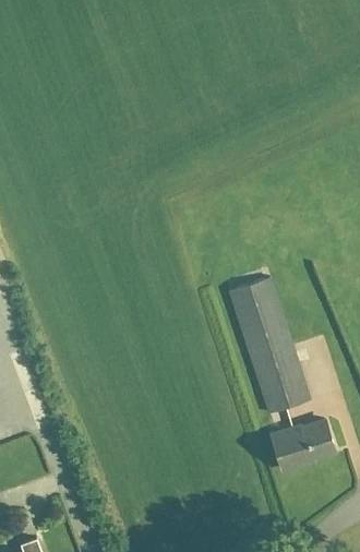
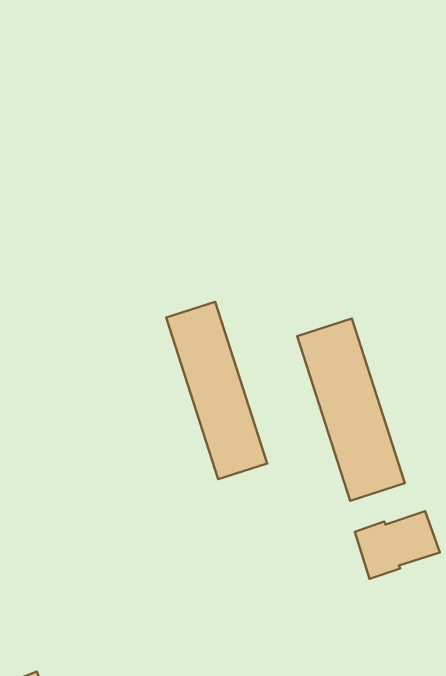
building: none -> [166,302,267,479]

